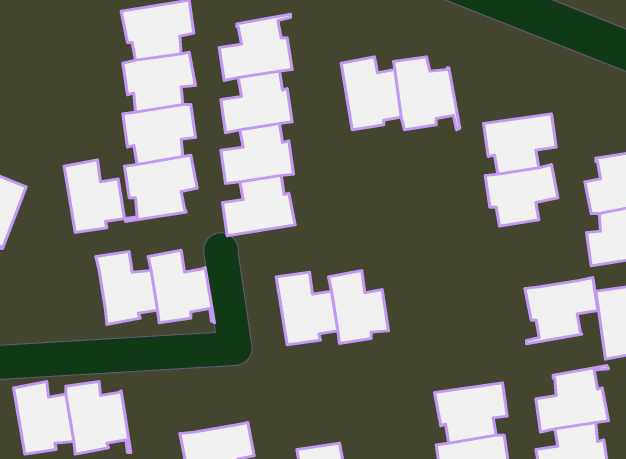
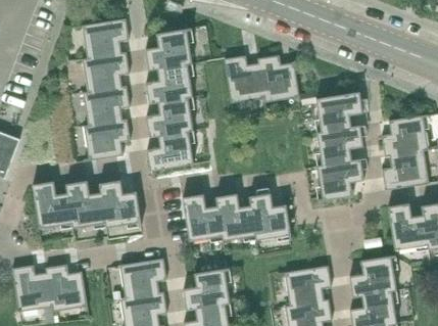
building: [64,160,124,233] -> [33,181,71,228]
building: none -> [249,193,291,240]
building: [525,277,598,344] -> [317,158,363,201]
building: none -> [119,259,166,297]
building: none -> [183,268,231,310]

